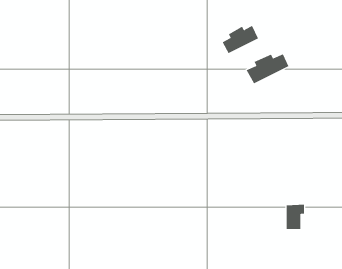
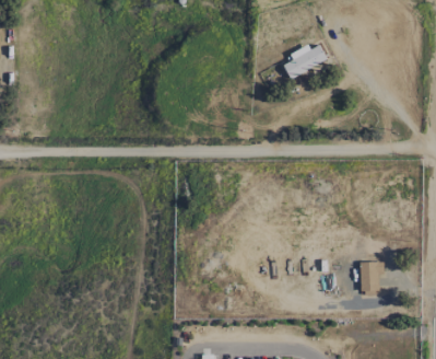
building: [246,53,289,84] -> none

